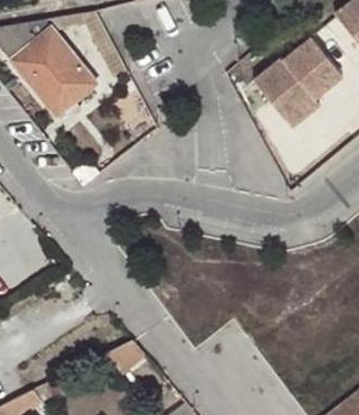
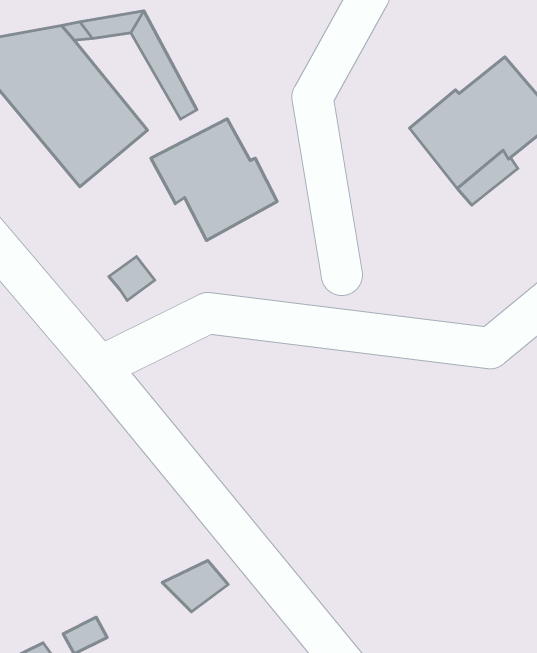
building: none -> [151,119,277,241]

